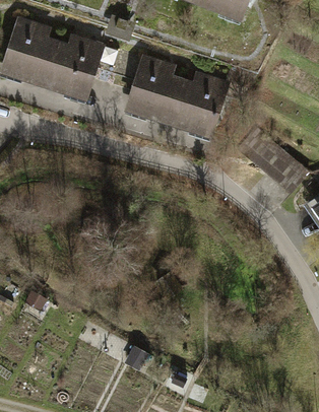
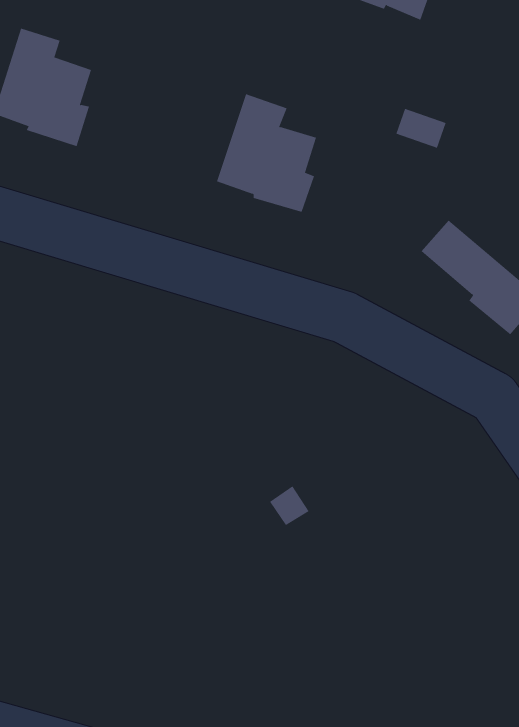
building: [50,38,102,93] -> none
building: [175,76,226,132] -> none

